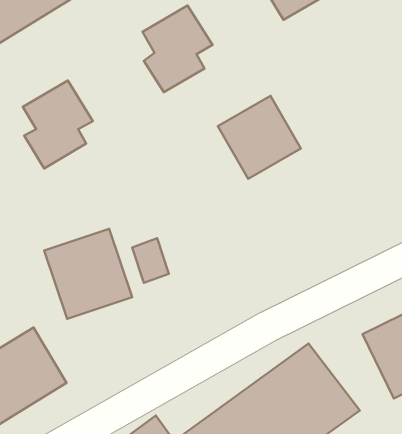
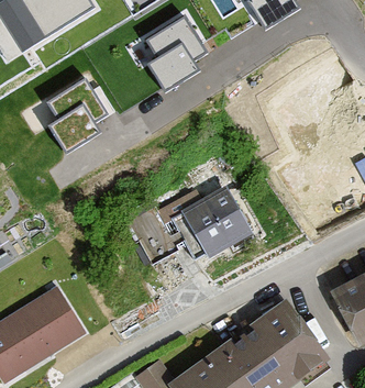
building: [218,96,301,179] -> [180,187,250,256]
building: [44,229,132,319] -> none

